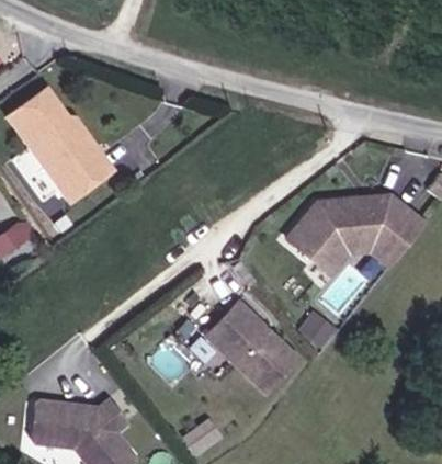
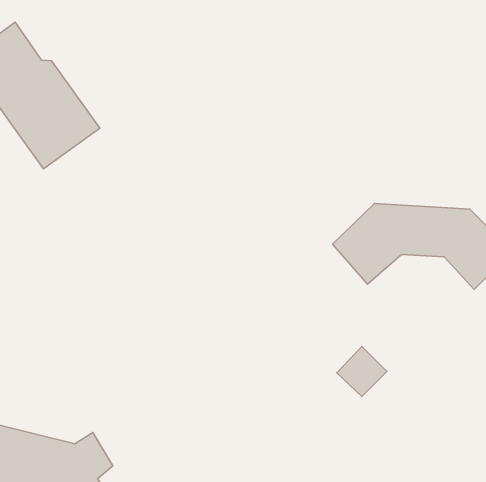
building: [321,238,404,273] -> none
building: [208,302,298,391] -> none

